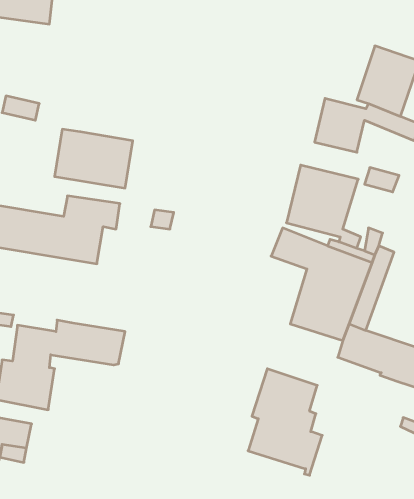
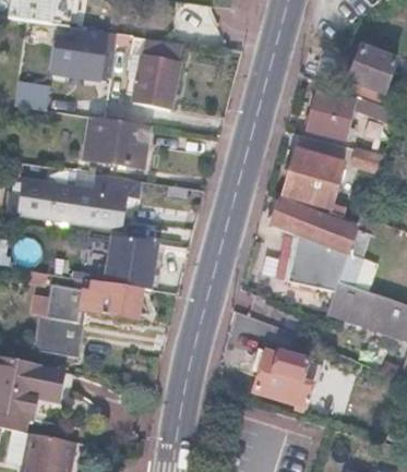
building: none -> [65,40,115,80]
building: none -> [134,45,180,107]
building: none -> [99,235,160,290]

